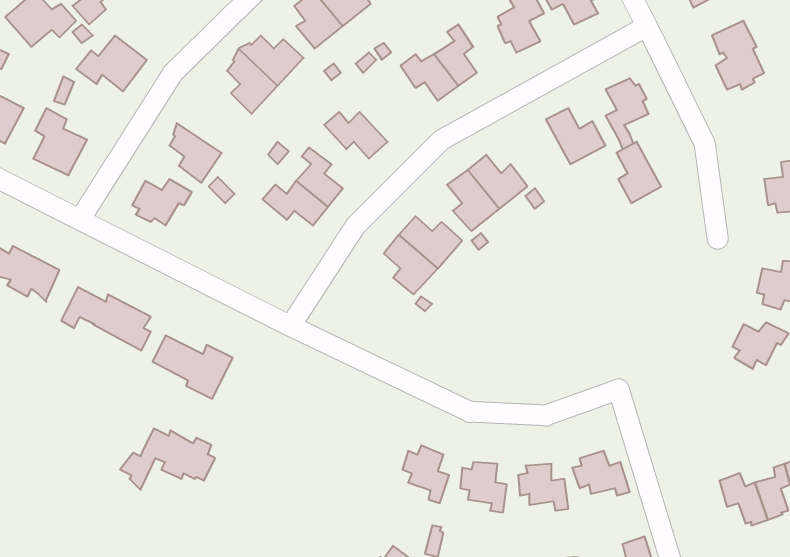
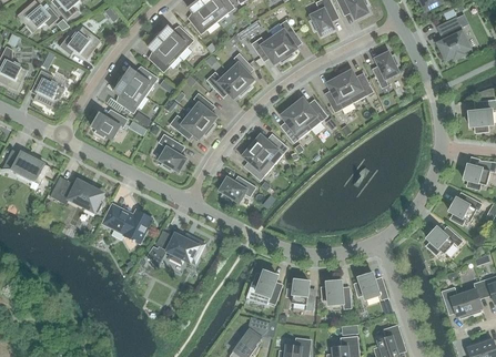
building: none -> [227,52,255,89]
building: none -> [119,68,158,95]
building: [616,142,661,203] -> [326,75,353,112]
building: none -> [159,133,188,172]
building: none -> [219,176,256,202]
building: none -> [427,226,463,253]
building: [120,429,215,490] -> [145,232,202,268]

